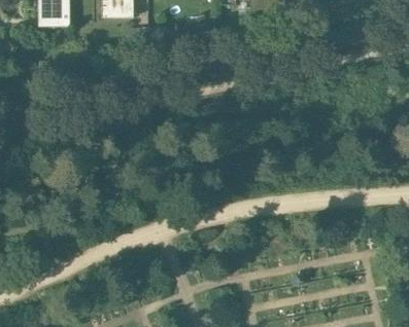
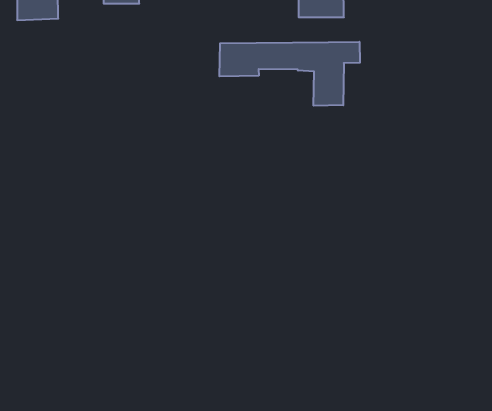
building: none -> [219,42,360,106]

